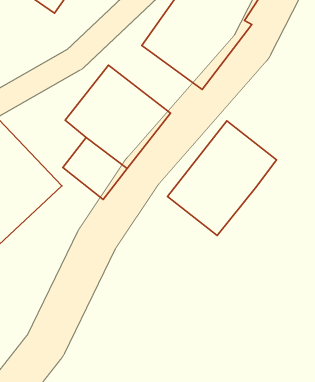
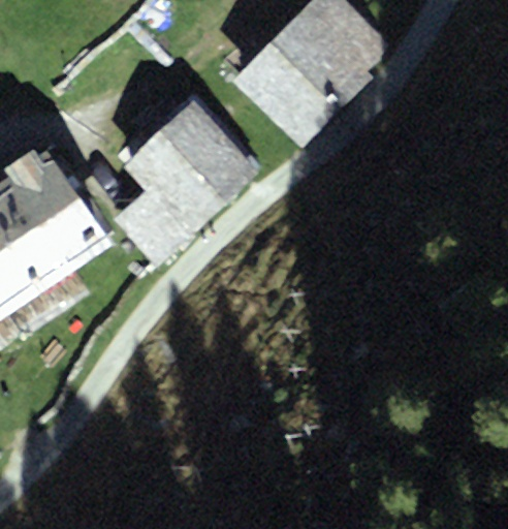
building: [167,121,277,235] -> none

